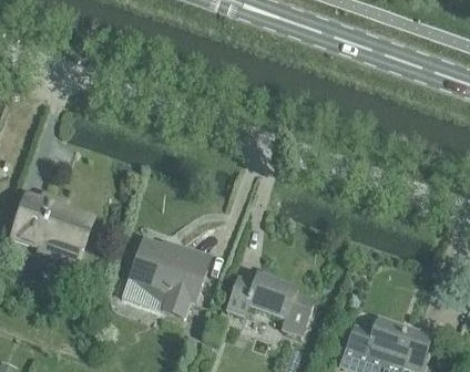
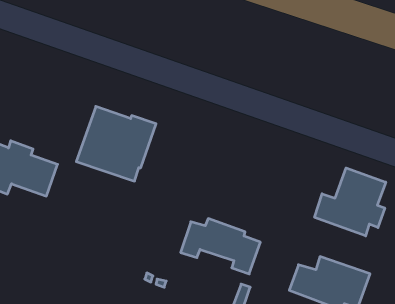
building: none -> [315,168,386,236]
building: [122,238,208,319] -> [76,106,156,181]

